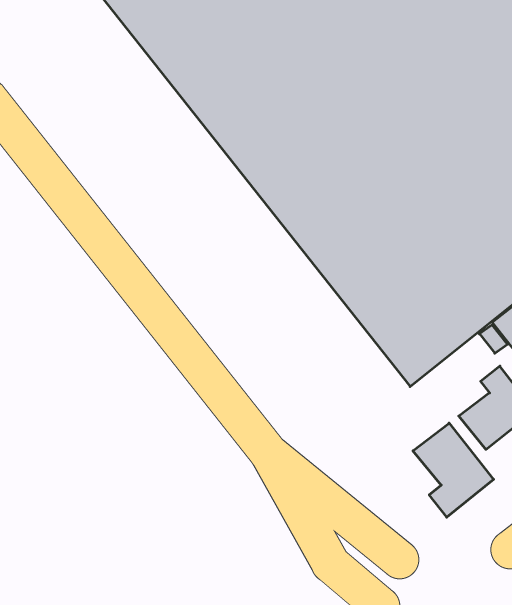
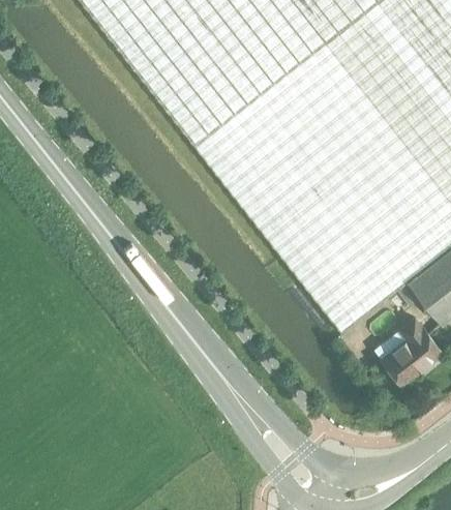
building: [413,423,494,517] -> none

